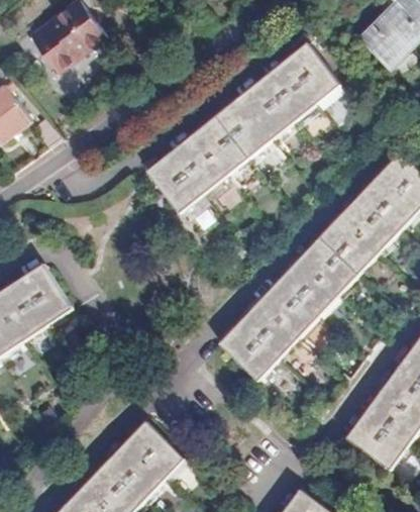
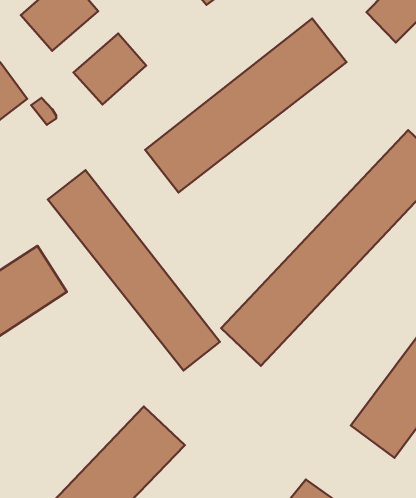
building: none -> [74,34,146,105]
building: none -> [48,170,220,370]

